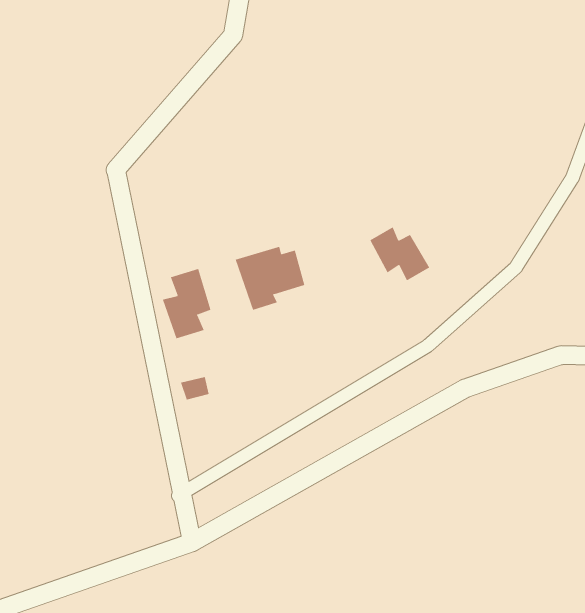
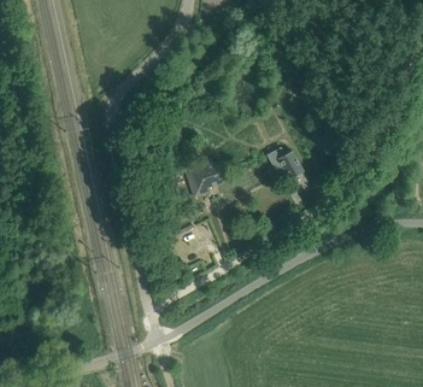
building: [162,268,211,339] -> none

